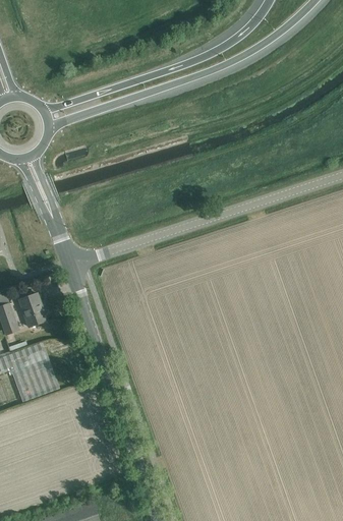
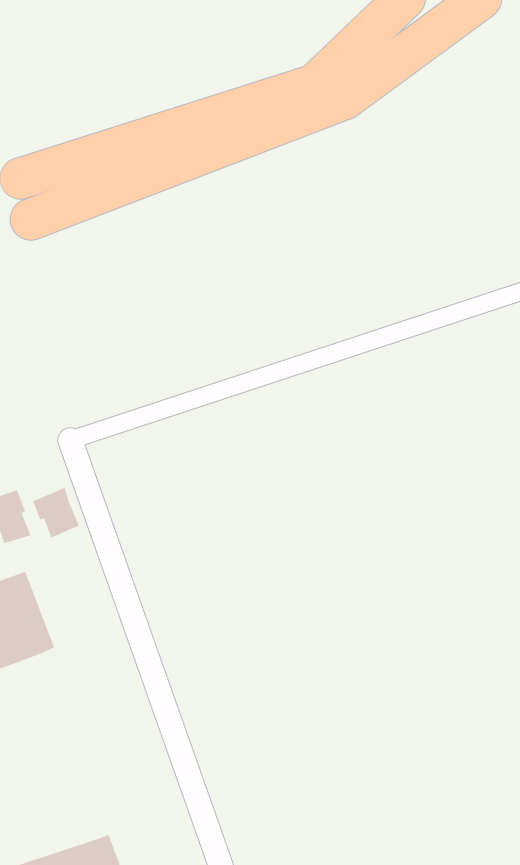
building: none -> [32,487,80,538]

